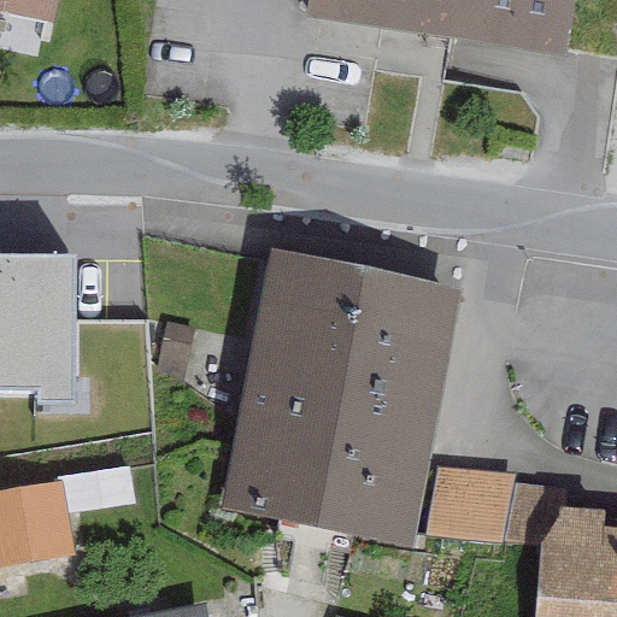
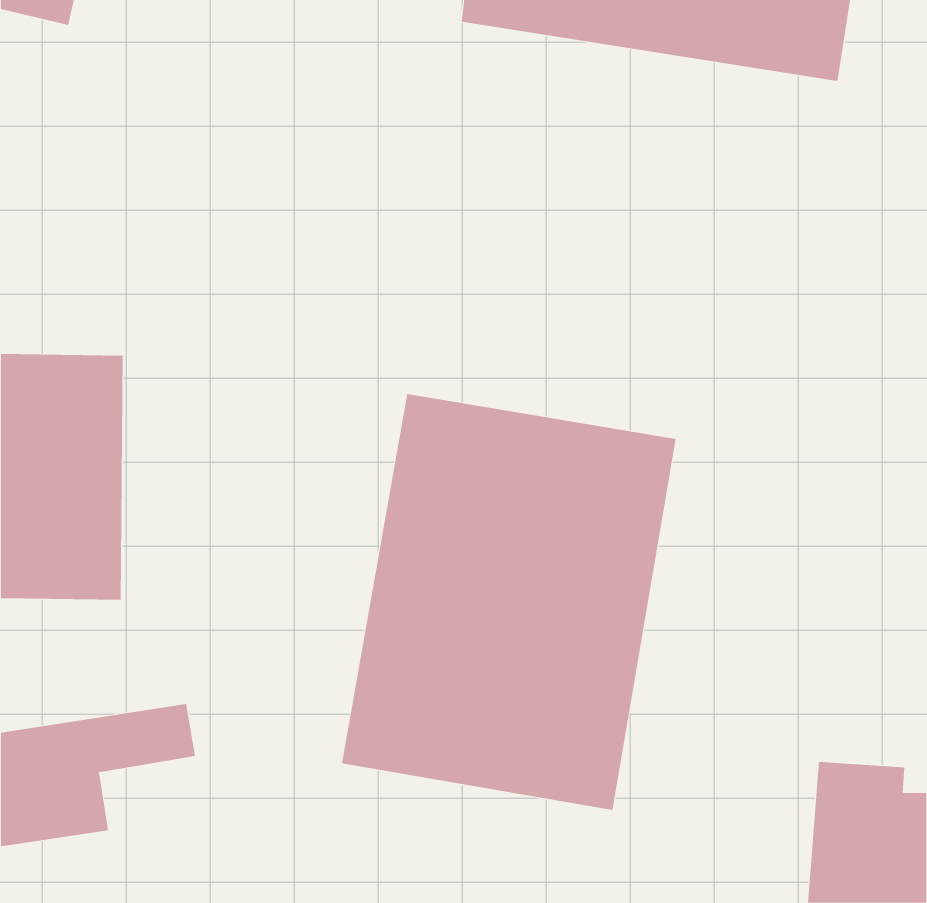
building: [430,465,509,539] -> none

